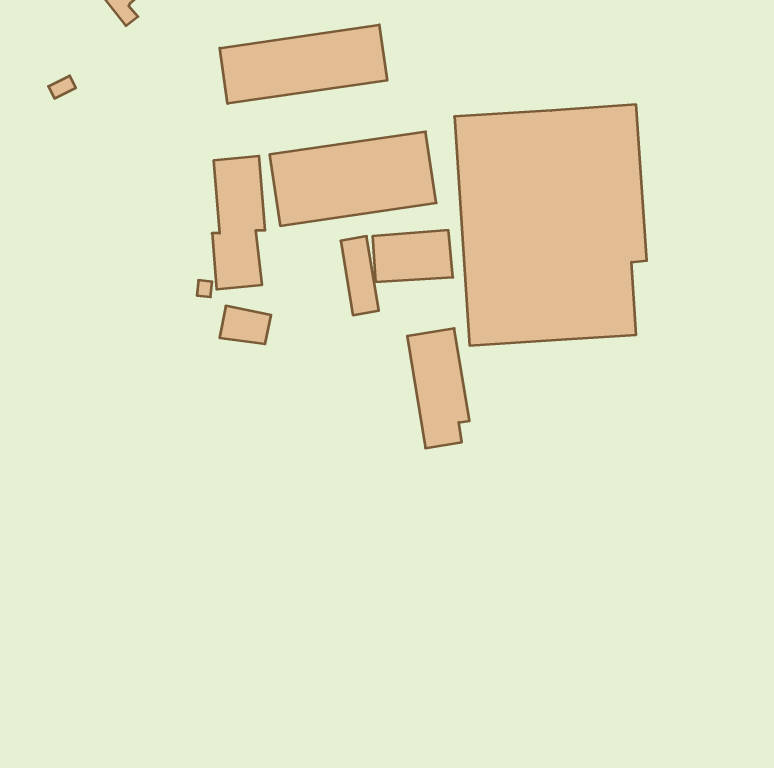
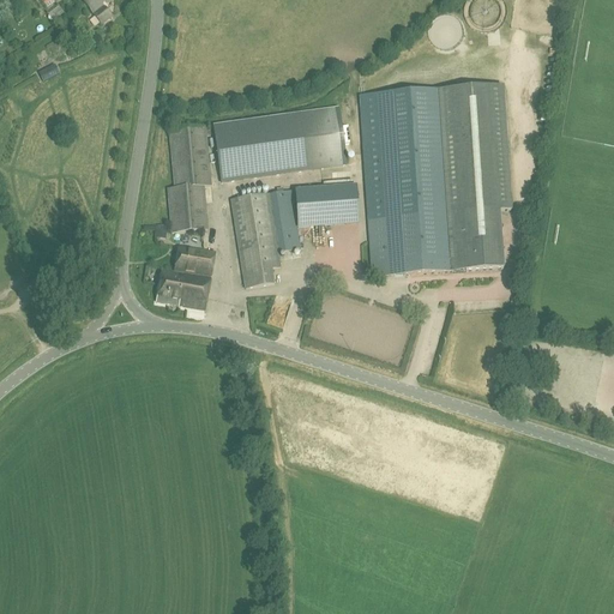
building: [220,25,387,104] -> none
building: [407,328,469,448] -> [230,191,279,285]
building: none -> [156,266,210,307]

